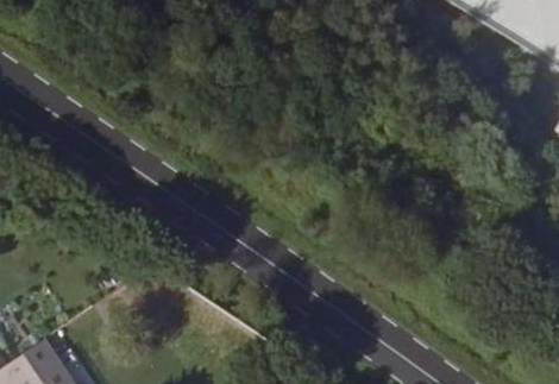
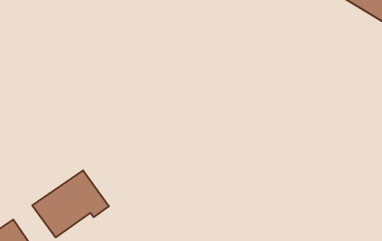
building: none -> [32,170,109,237]

